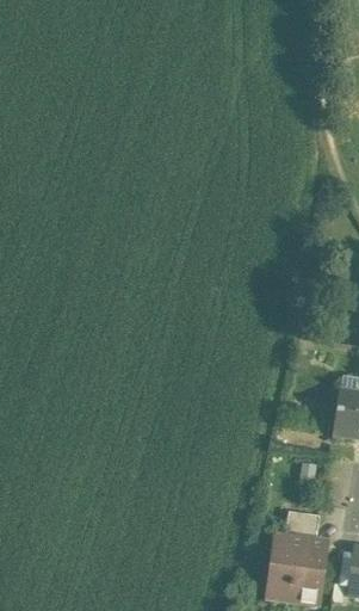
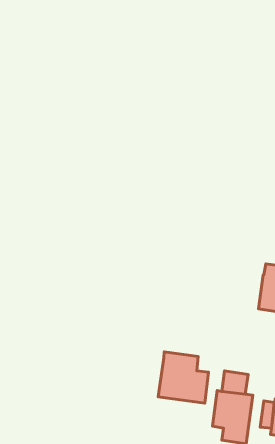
building: none -> [158,352,208,403]

